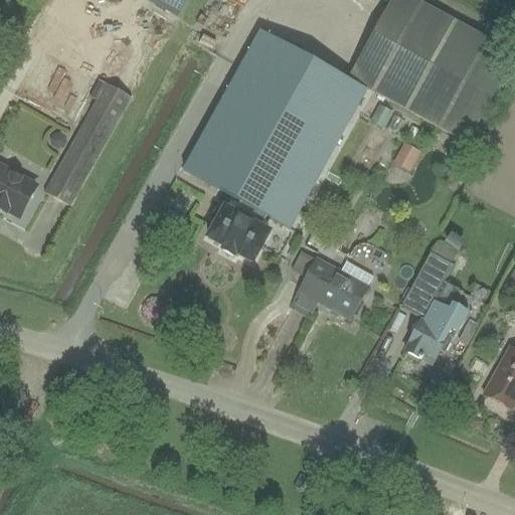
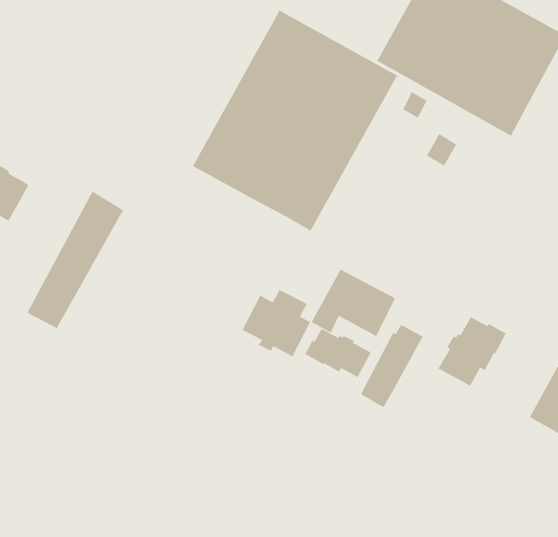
building: [45,79,132,202] -> [27,191,124,329]
building: [207,200,269,261] -> [242,289,311,357]
building: [401,242,458,317] -> [360,324,424,408]
building: none -> [305,328,372,378]

